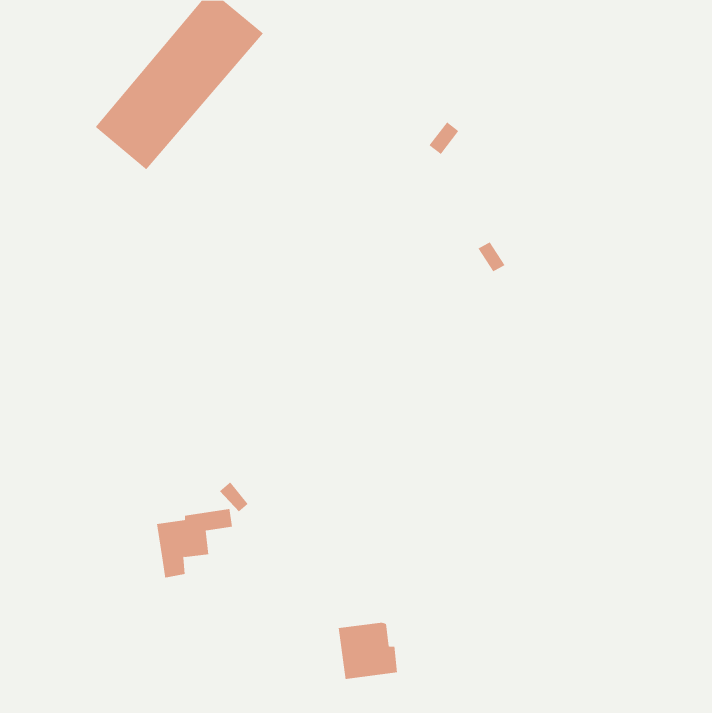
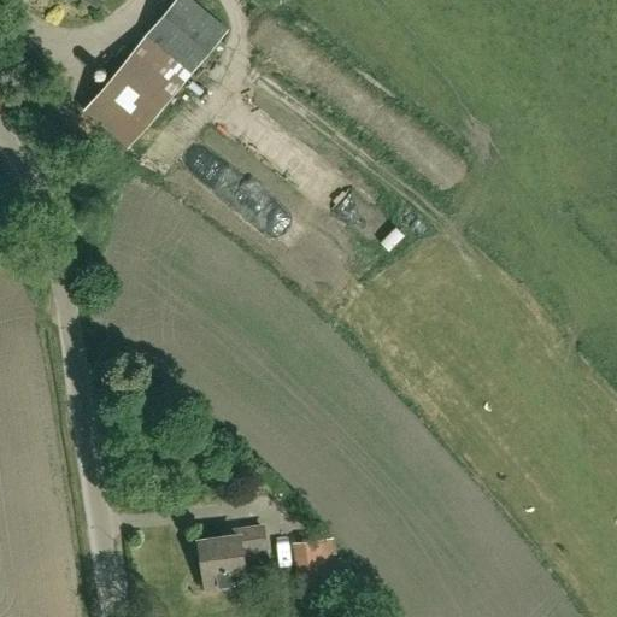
building: [156,509,233,578] -> [198,528,264,588]

